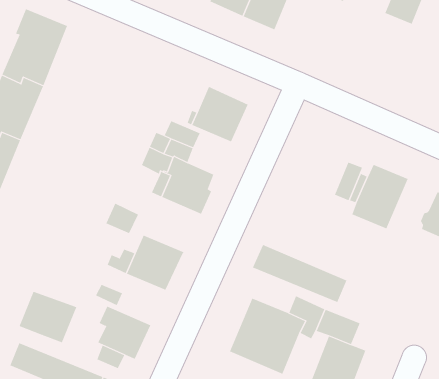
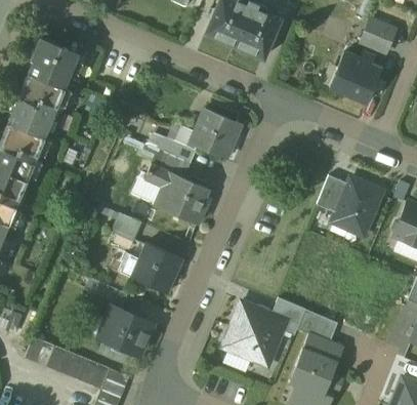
building: none -> [335,53,382,104]
building: [252,244,347,303] -> none
building: [19,290,77,343] -> none

